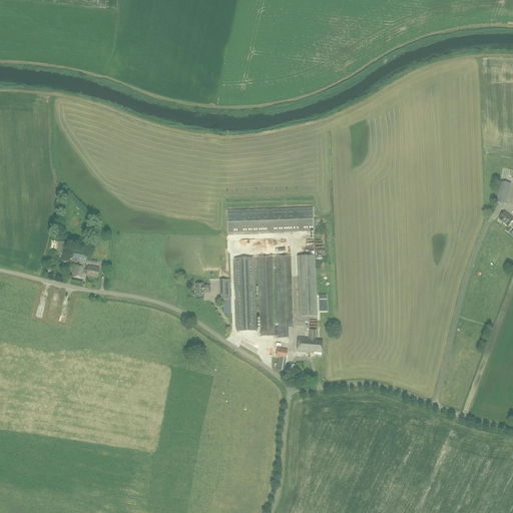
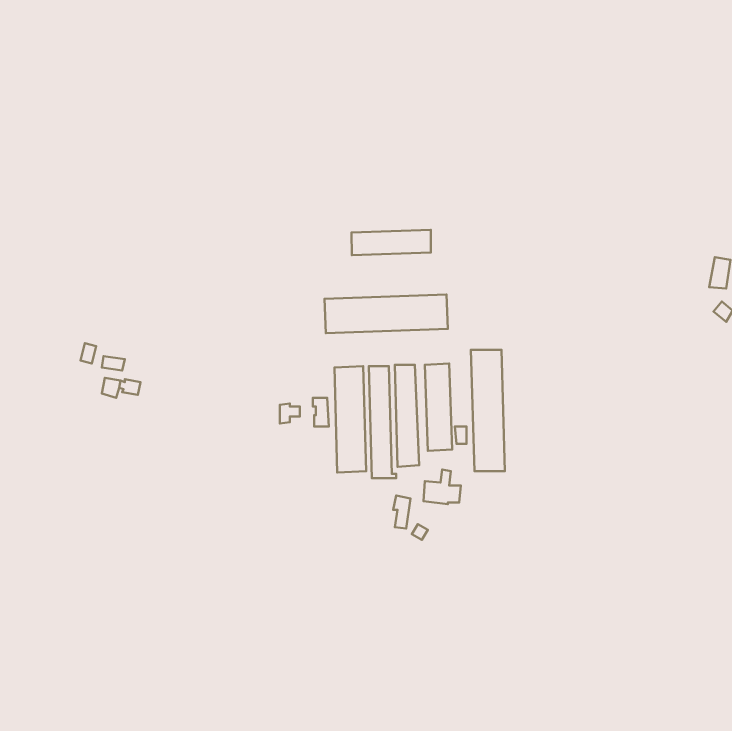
building: none -> [352,230,431,255]
building: none -> [471,350,505,471]

